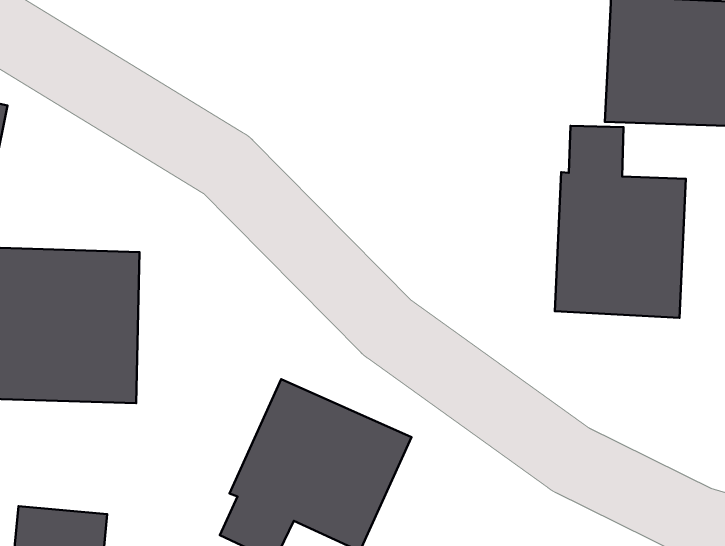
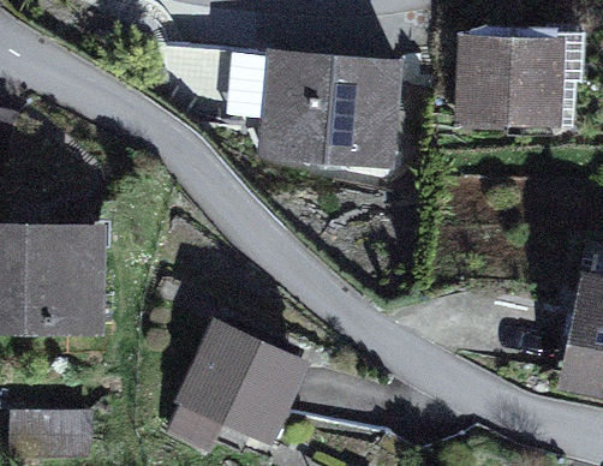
building: none -> [258,48,402,172]
building: [555,126,686,318] -> none

